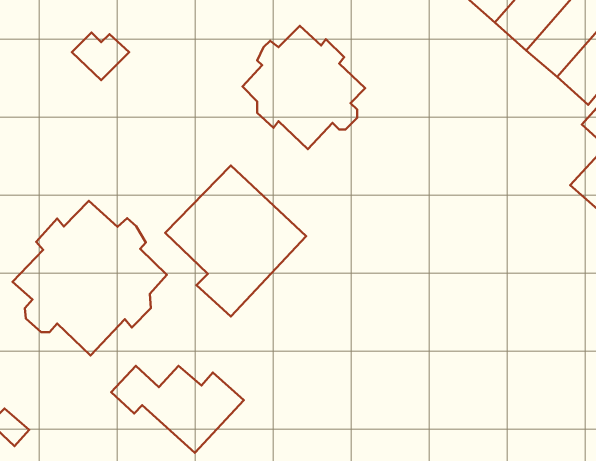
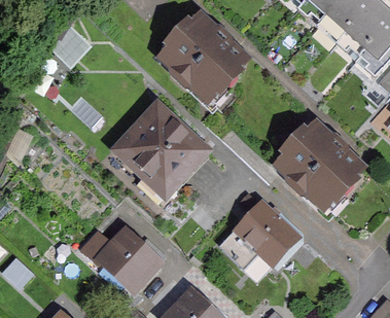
building: none -> [282,128,359,205]
building: [13,201,167,355] -> none
building: none -> [223,204,297,263]

